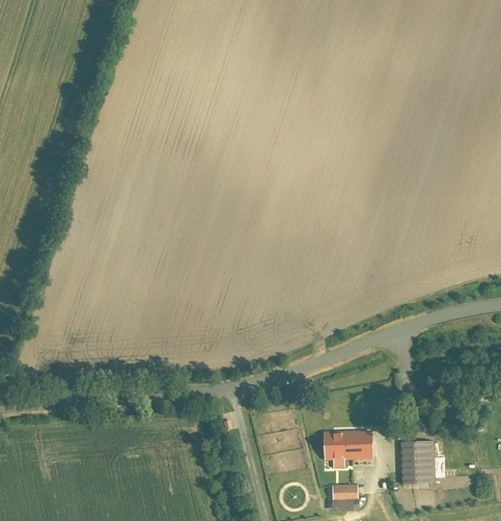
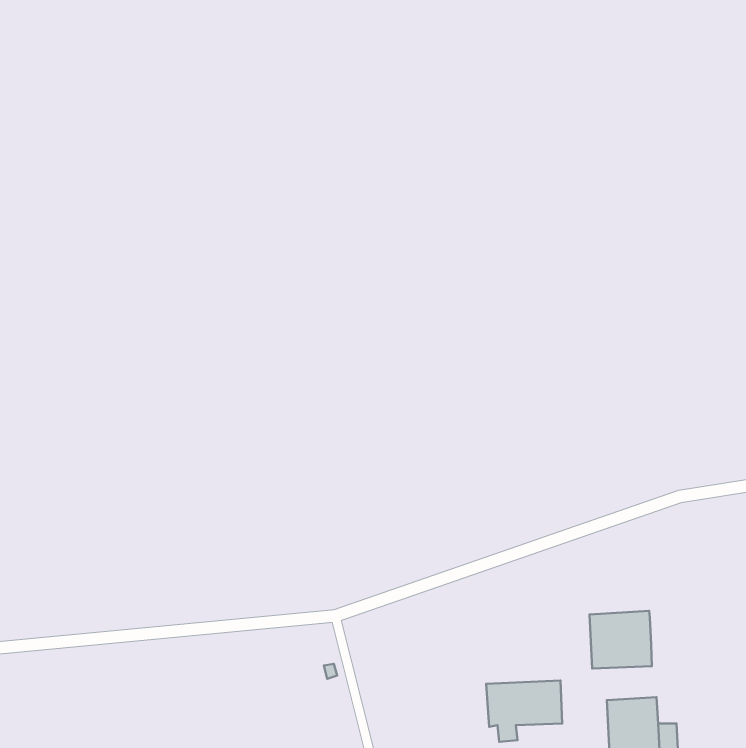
building: none -> [590,611,652,668]

